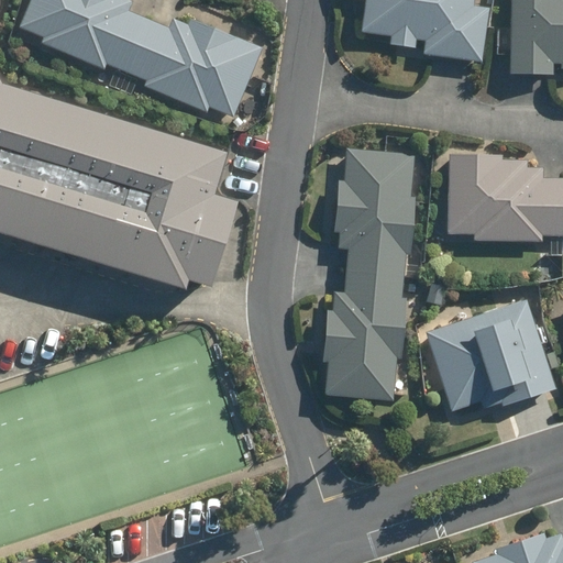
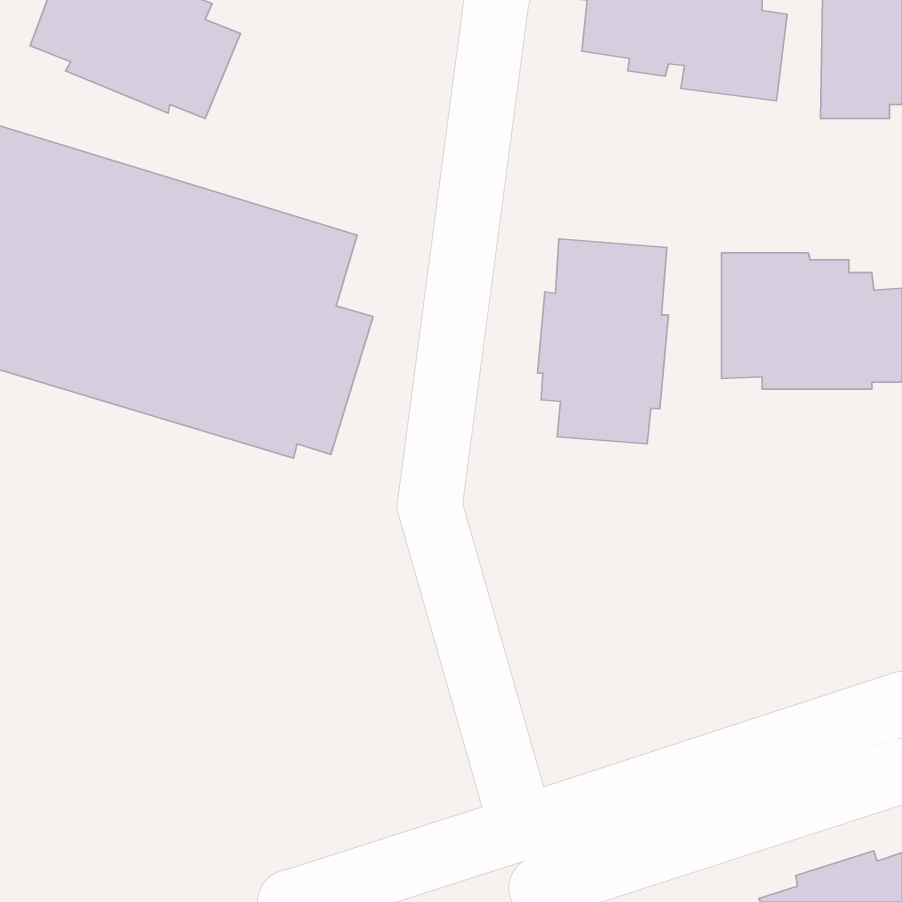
building: [128,18,263,120] -> none
building: [322,272,406,401] -> none
building: [426,300,555,410] -> none

